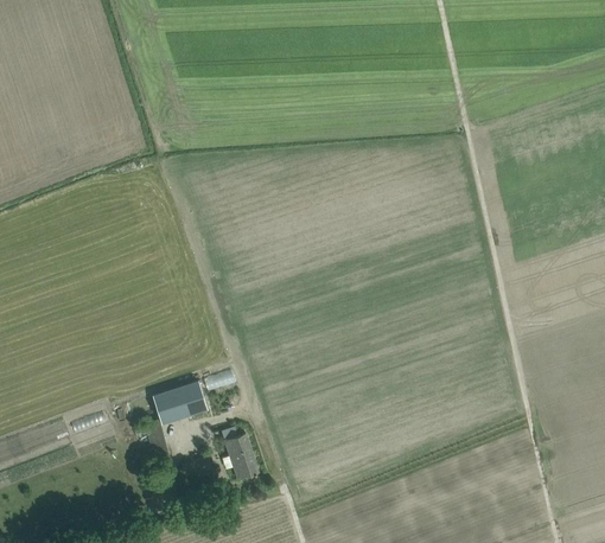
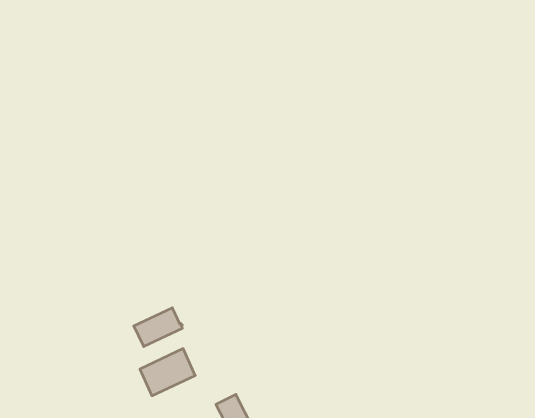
building: none -> [134,308,182,347]

